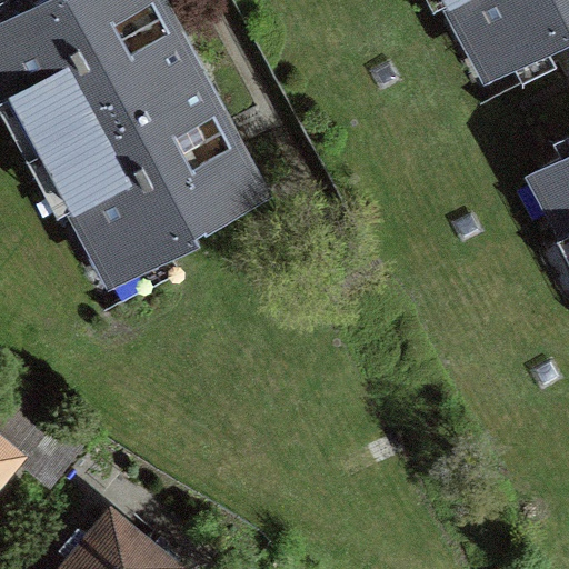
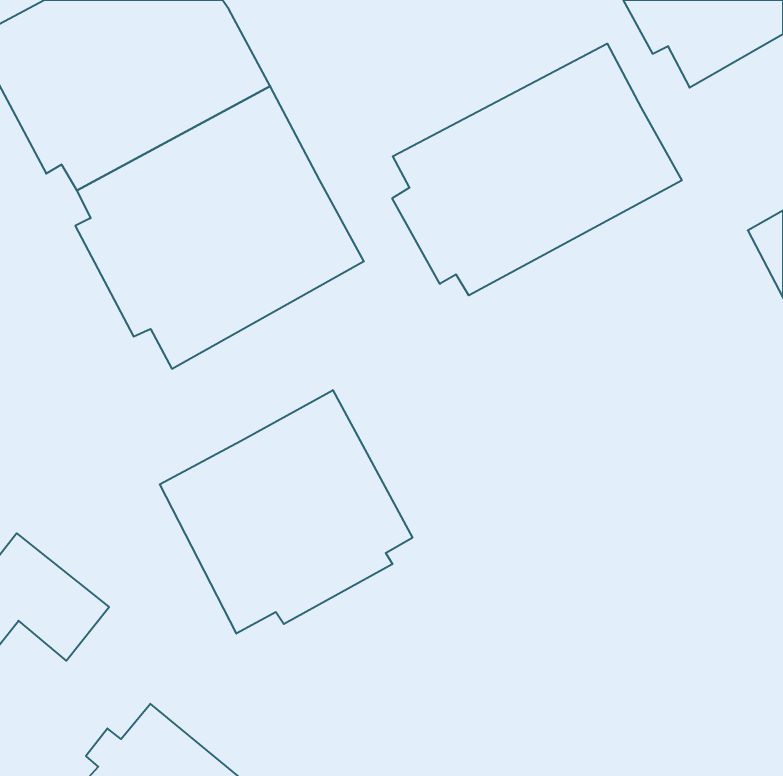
building: none -> [392,44,682,295]
building: none -> [160,390,412,634]

